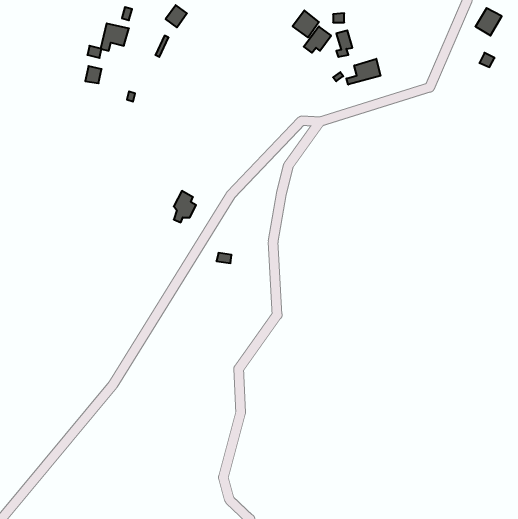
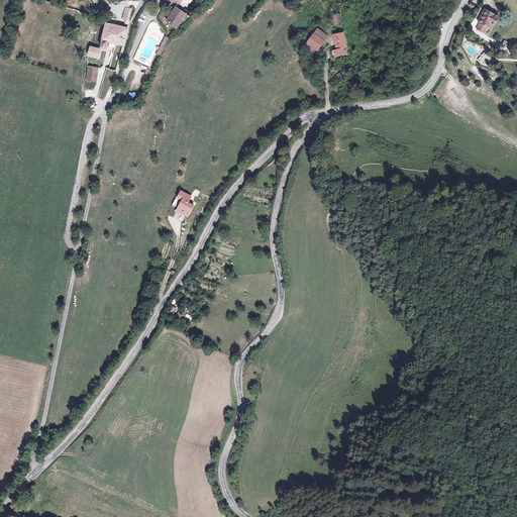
building: [293,10,319,37] -> none
building: [346,59,381,85] -> none

